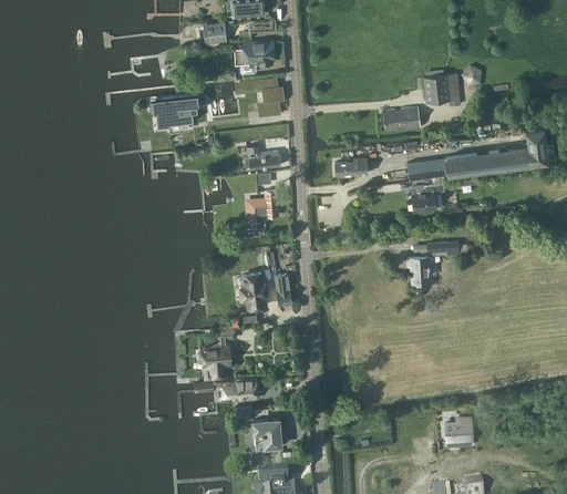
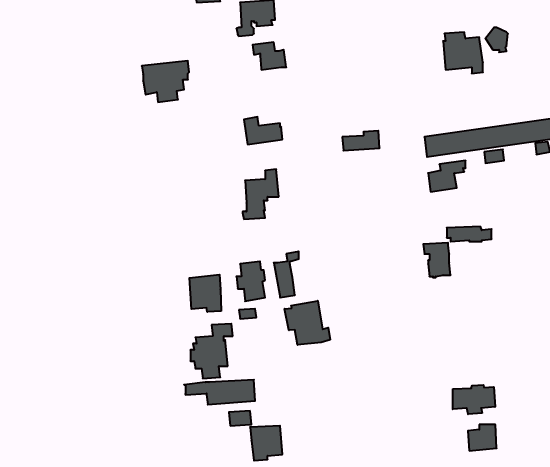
building: [382,107,420,131] -> none
building: none -> [189,275,221,312]
building: none -> [285,301,330,345]
building: none -> [453,385,495,414]

